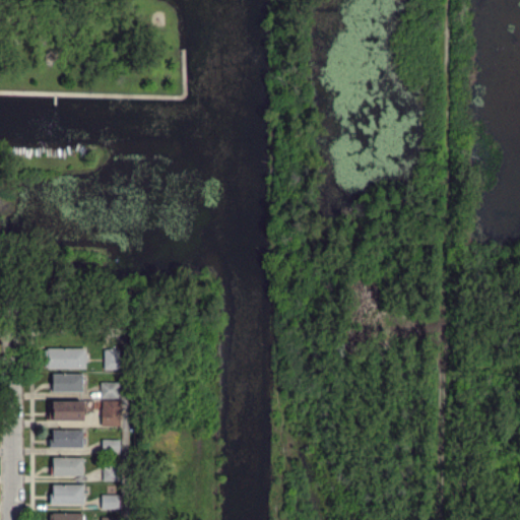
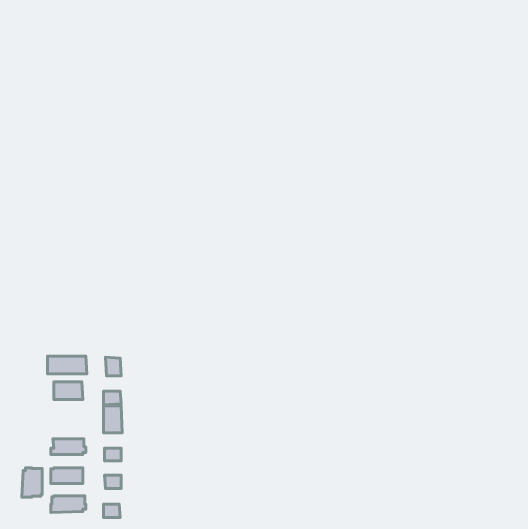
building: [54,402,82,419] -> none
building: none -> [22,468,42,497]

